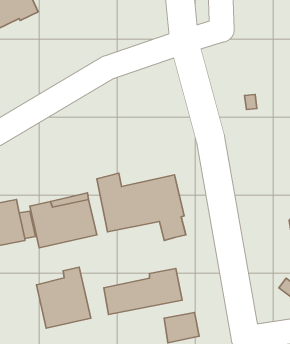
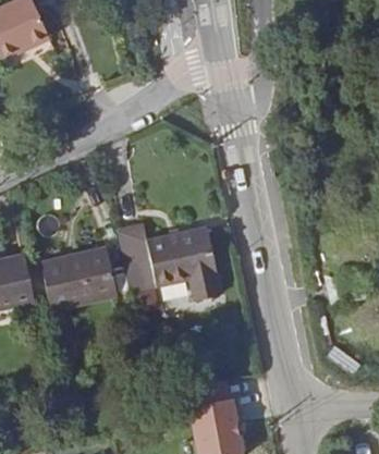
building: [37,267,91,328] -> none
building: [104,268,182,315] -> none

